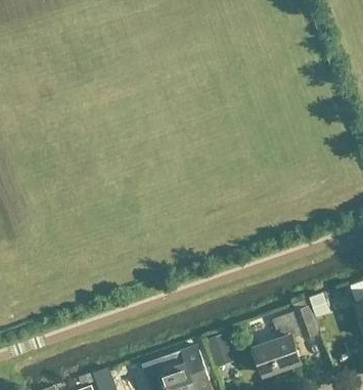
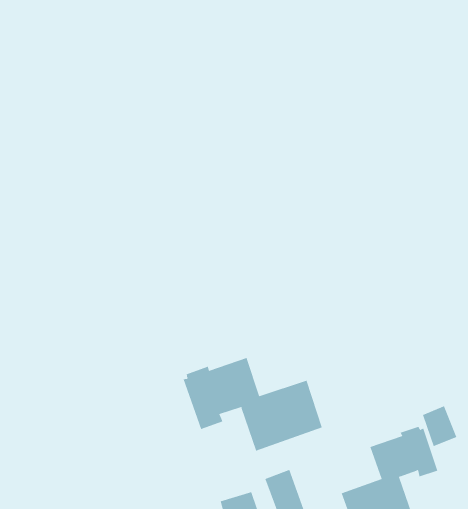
building: none -> [183,357,323,452]

